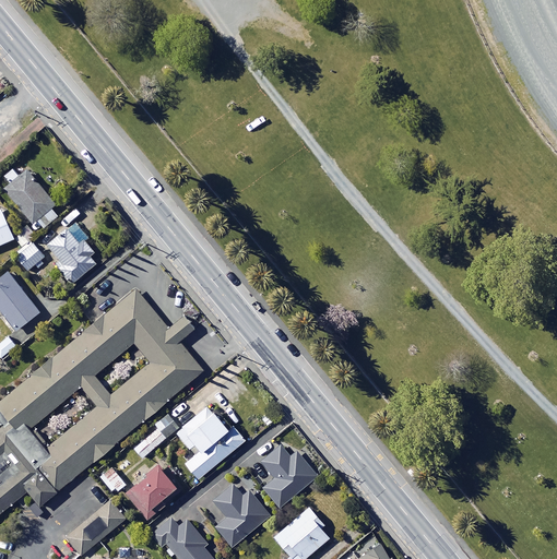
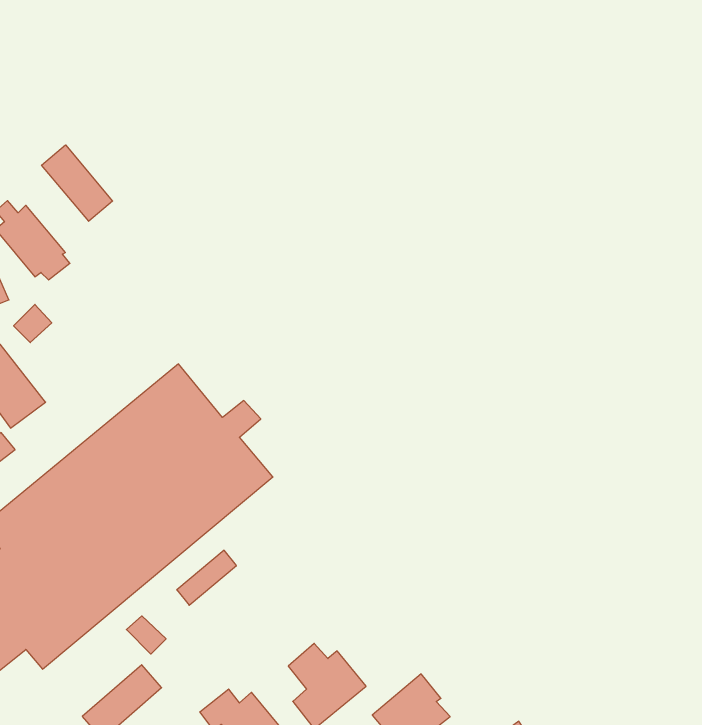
building: none -> [42,145,113,221]
building: [47,224,97,286] -> none
building: [177,406,245,479] -> none
building: [261,445,317,508] -> none
building: [127,466,181,520] -> none

